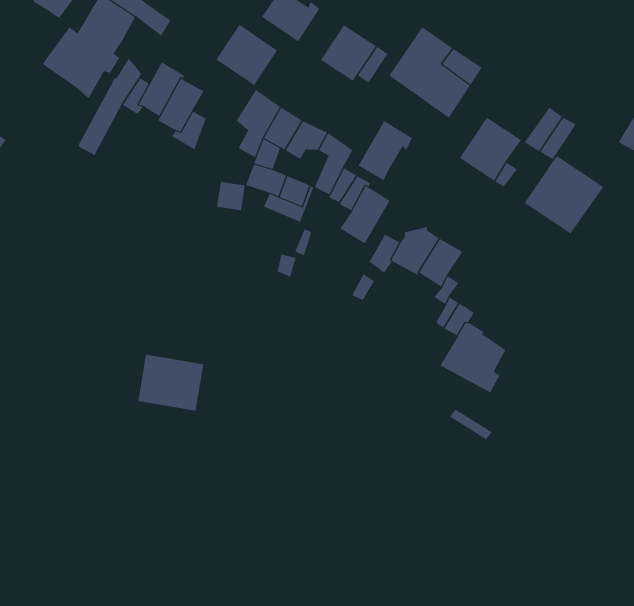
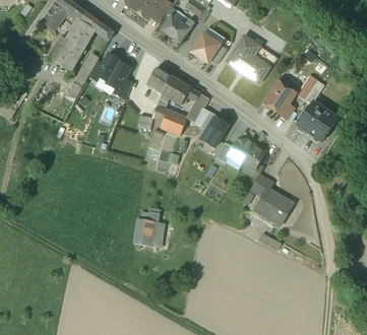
building: [216,24,278,86] -> none
building: [358,120,413,181] -> none
building: [137,354,204,411] -> [132,217,167,247]

